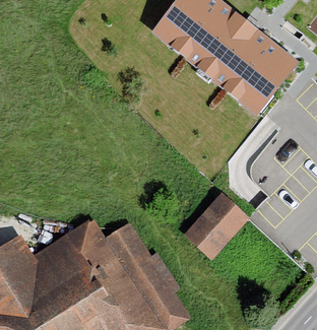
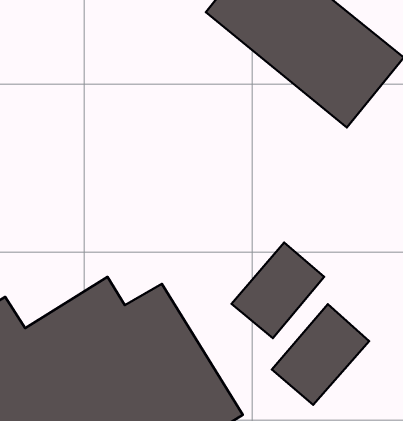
building: none -> [272,304,369,405]

